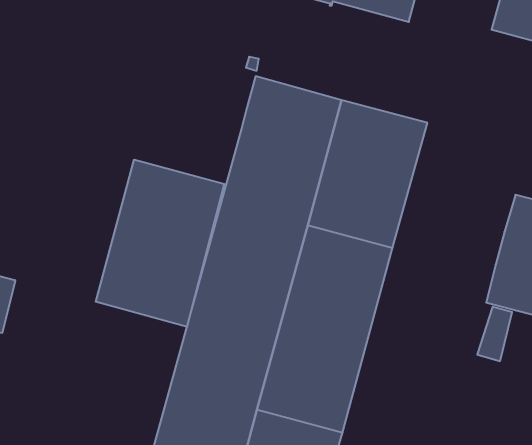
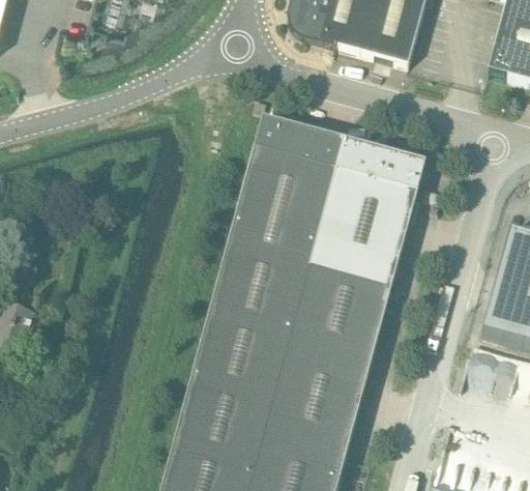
building: [96,160,224,327] -> none

